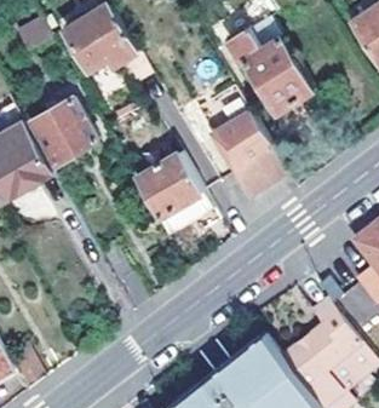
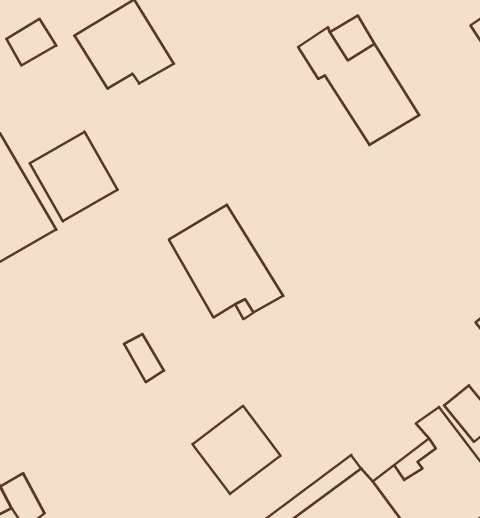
building: [205,110,286,196] -> none
building: none -> [193,406,280,494]

